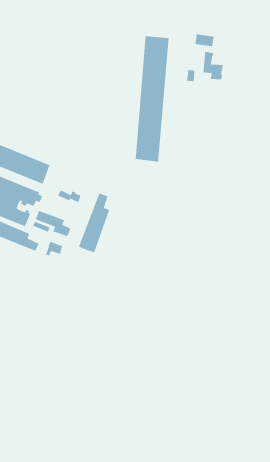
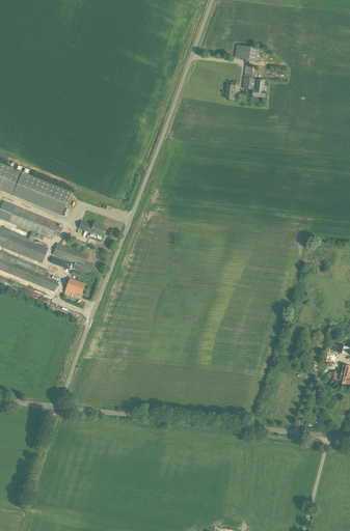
building: [135,35,169,162] -> none
building: [78,192,110,253] -> none

